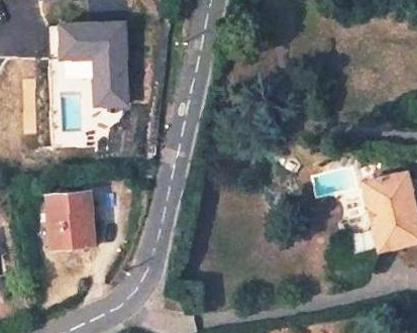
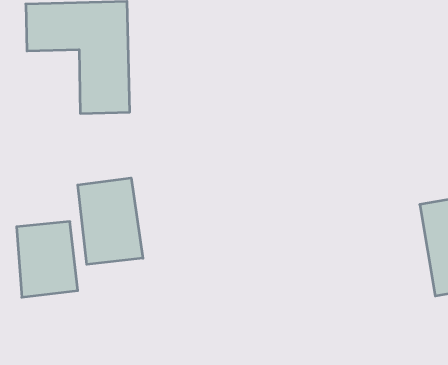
building: none -> [78,178,143,264]

